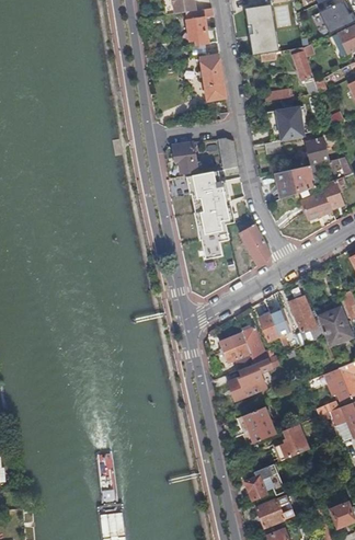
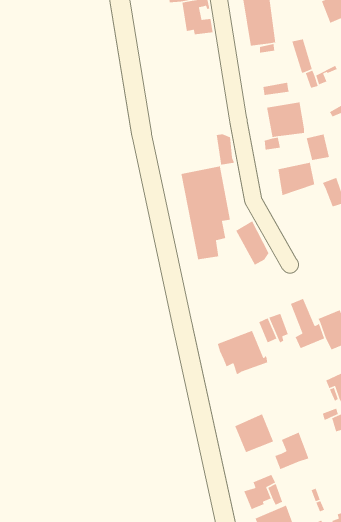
building: [199,54,228,119] -> none
building: [173,142,201,173] -> none
building: [300,192,331,221] -> none
building: [233,353,286,398] -> none

